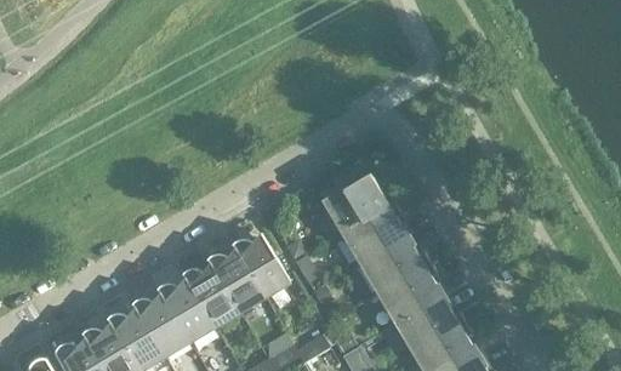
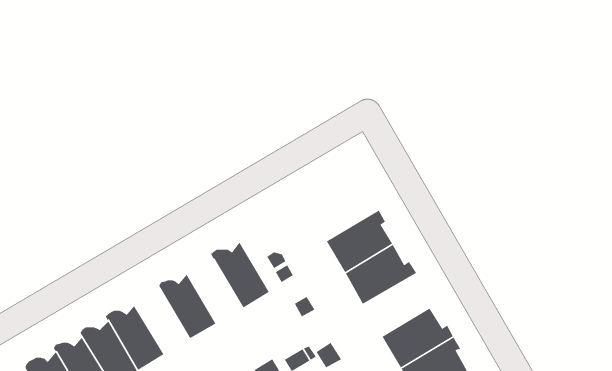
building: [324,175,393,233] -> none
building: [206,250,263,312] -> none
building: [377,263,441,324] -> none
building: [156,279,212,341] -> none

